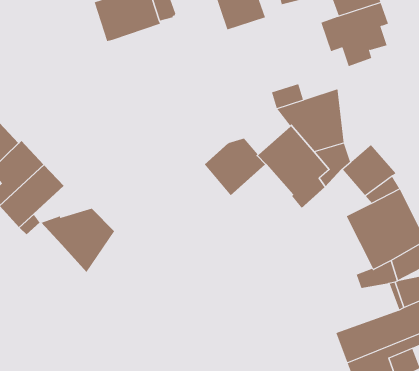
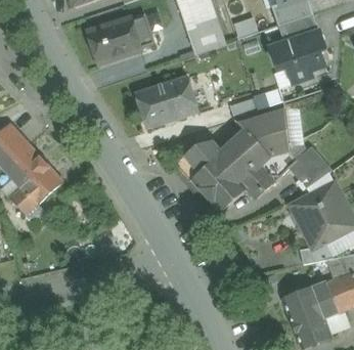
building: none -> [134,75,198,129]
building: none -> [196,163,247,213]
building: [41,208,115,273] -> none

